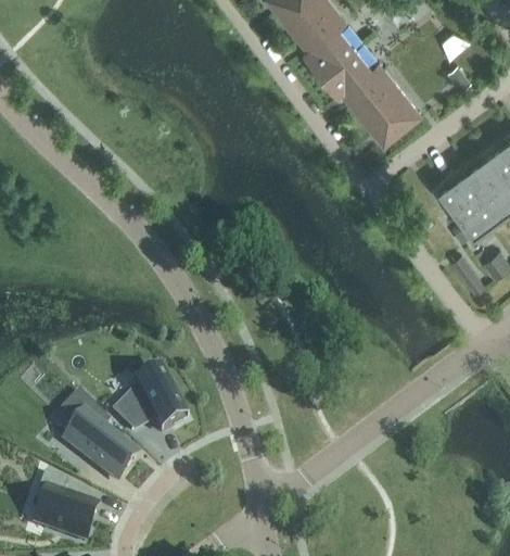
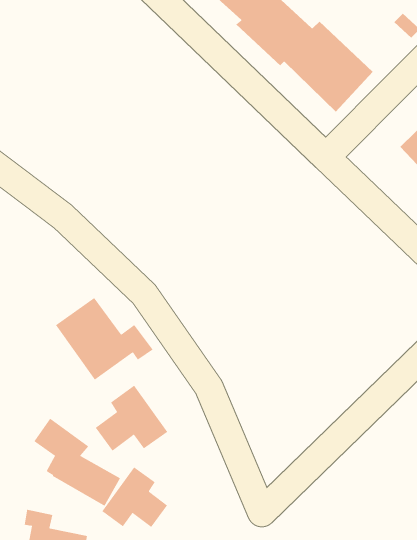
building: none -> [55,297,153,380]
building: none -> [101,466,168,528]

